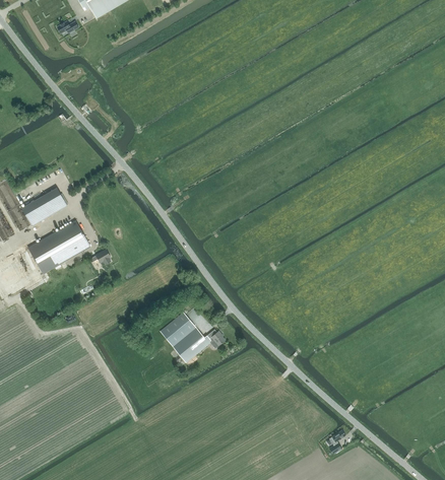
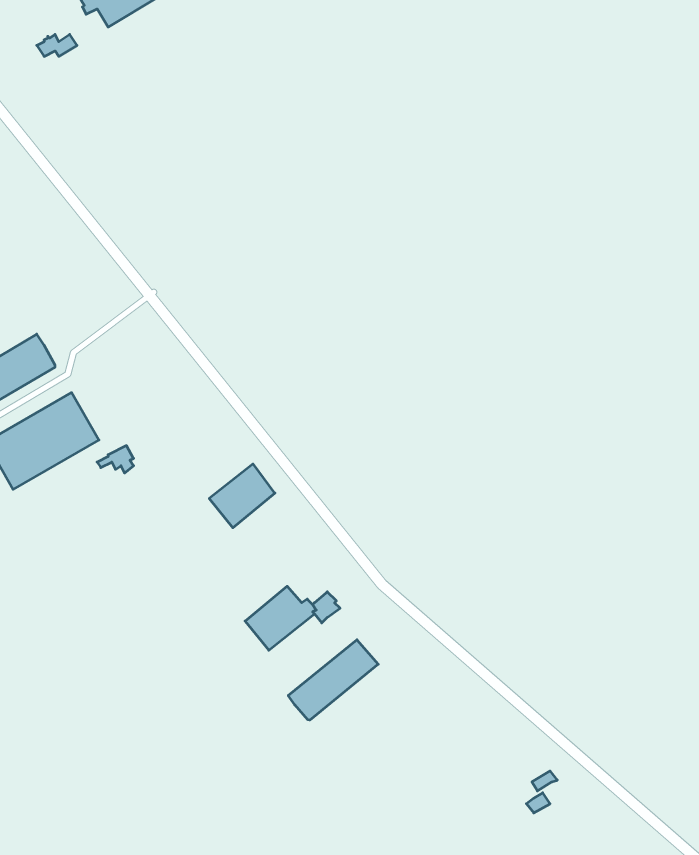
building: [158,311,195,346] -> [209,464,275,528]
building: none -> [288,640,378,720]

